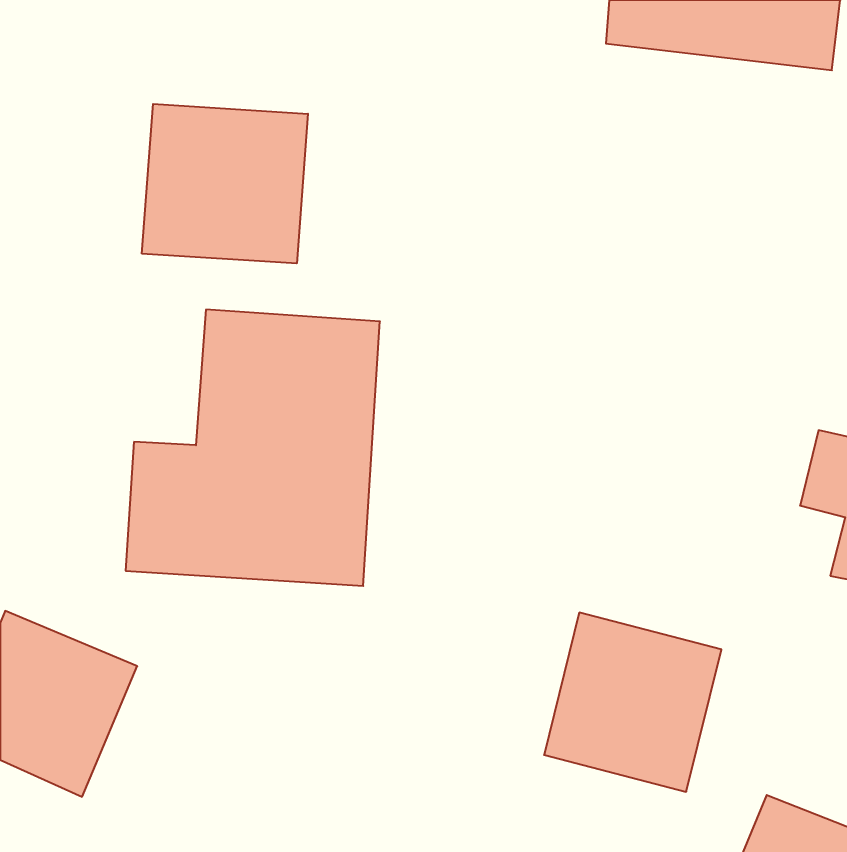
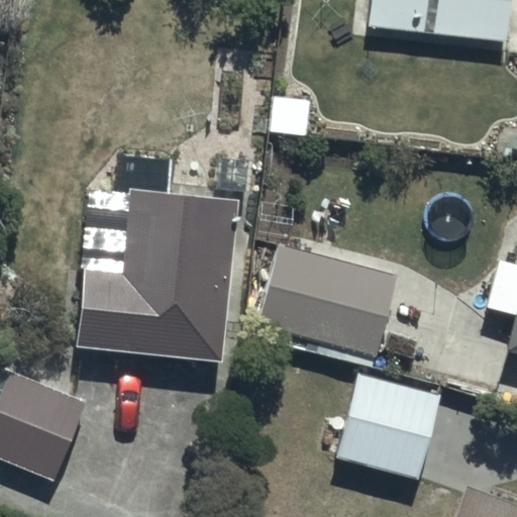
building: [142,104,308,263] -> none
building: none -> [260,242,397,357]

